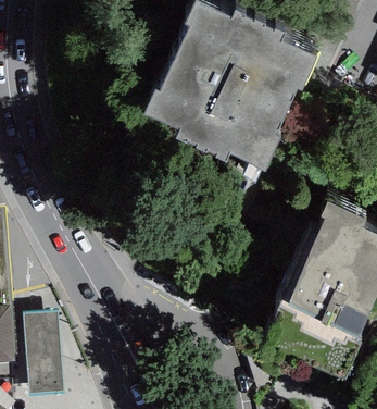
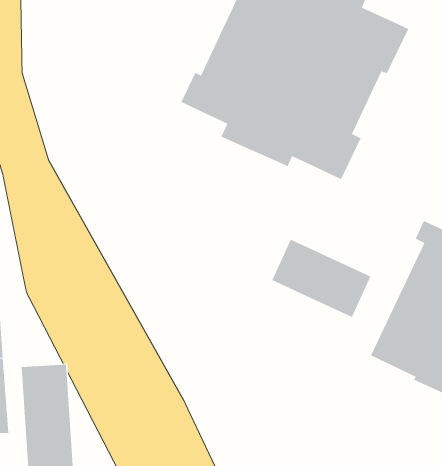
building: none -> [271,239,371,318]

